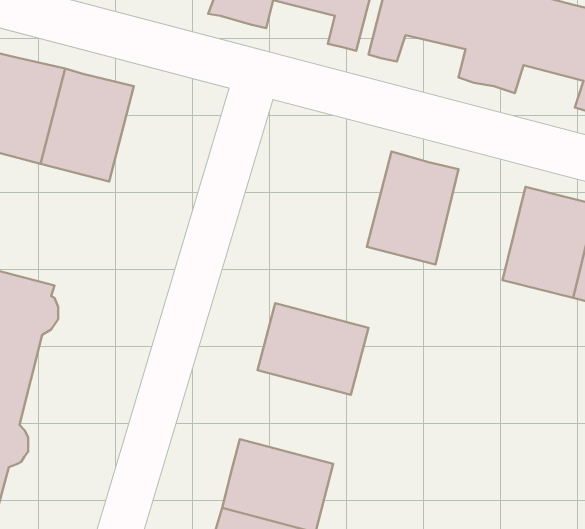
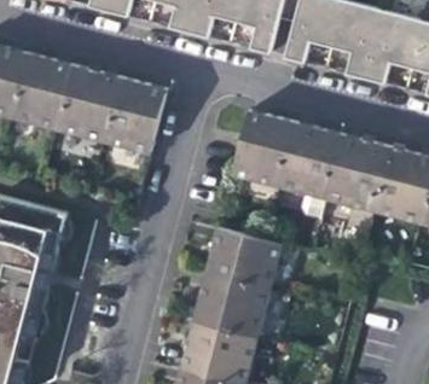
building: none -> [102,76,163,152]
building: none -> [228,109,295,186]
building: none -> [325,133,387,209]
building: none -> [191,270,267,334]

